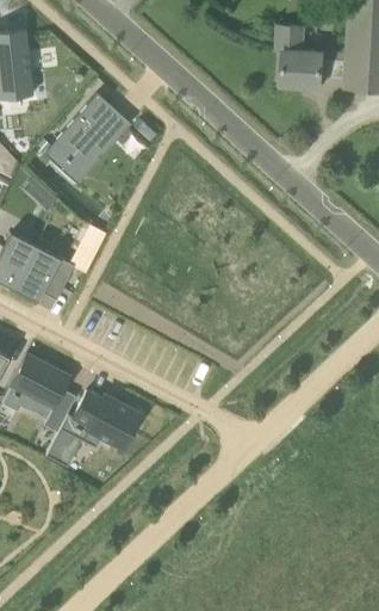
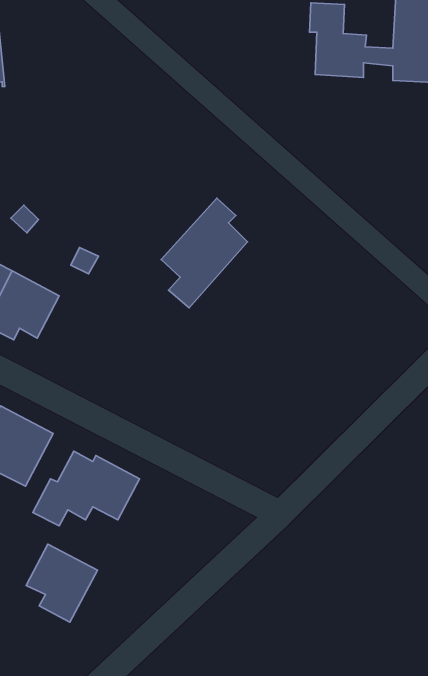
building: [52,93,123,183] -> [161,198,248,308]
building: none -> [26,544,98,622]

